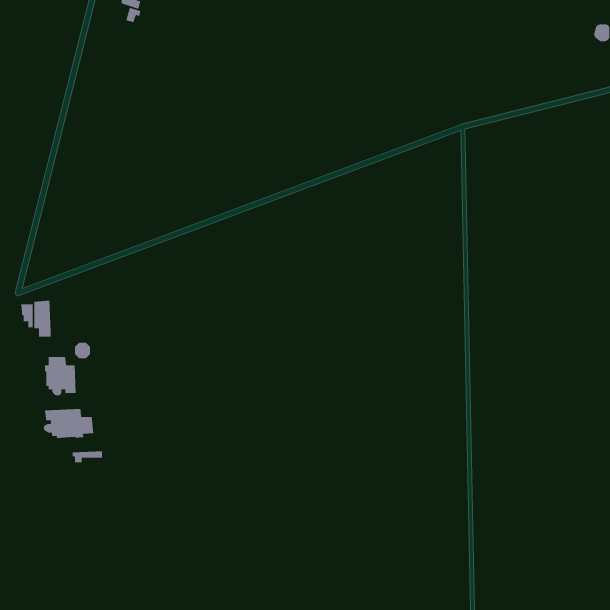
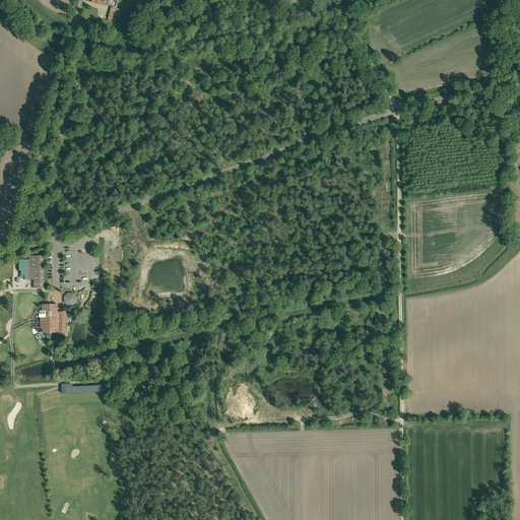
building: [43,408,94,439] -> none

